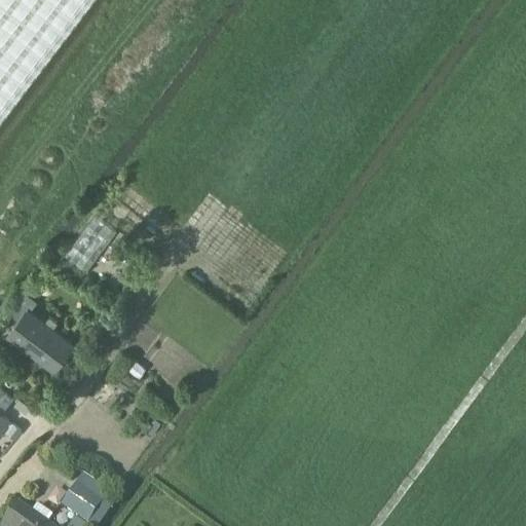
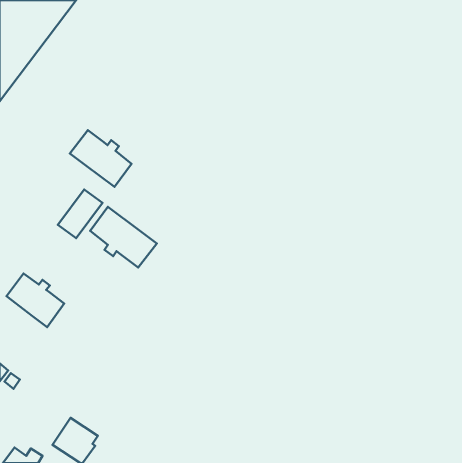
building: none -> [70,130,132,187]
building: none -> [90,207,157,268]

